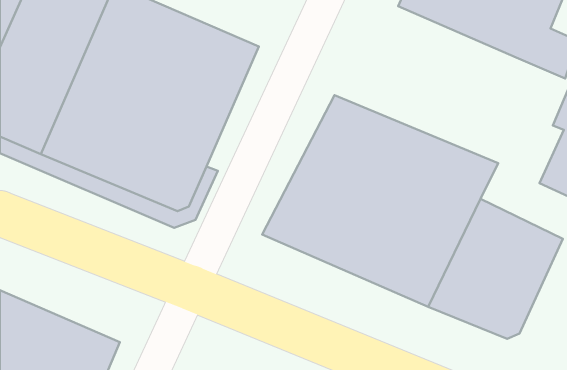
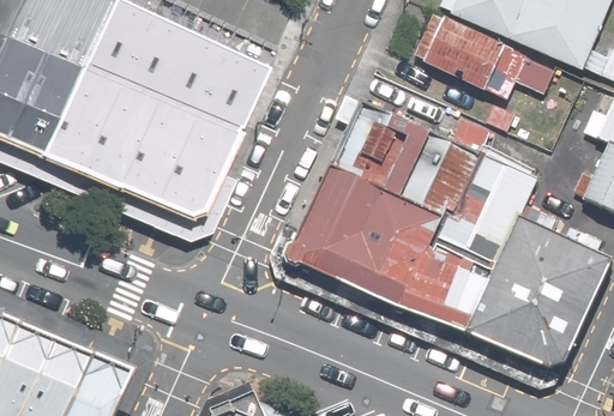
building: none -> [445,23,555,108]

